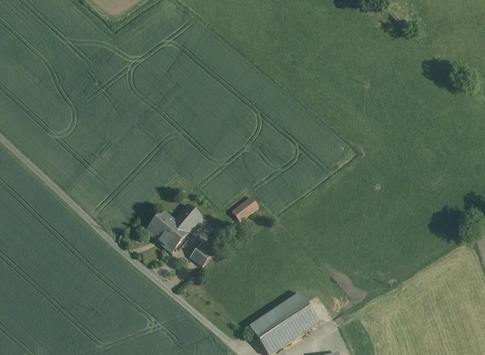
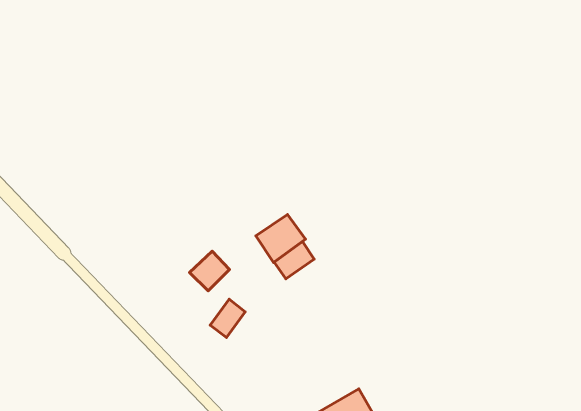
building: none -> [256,214,305,263]
building: [149,211,189,251] -> none

